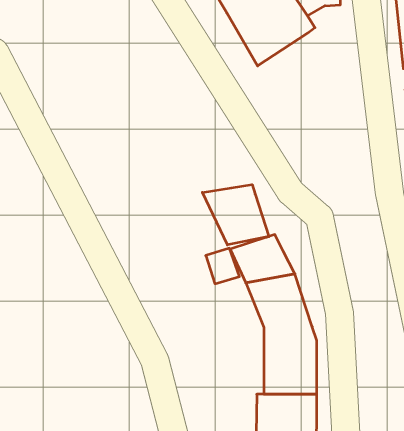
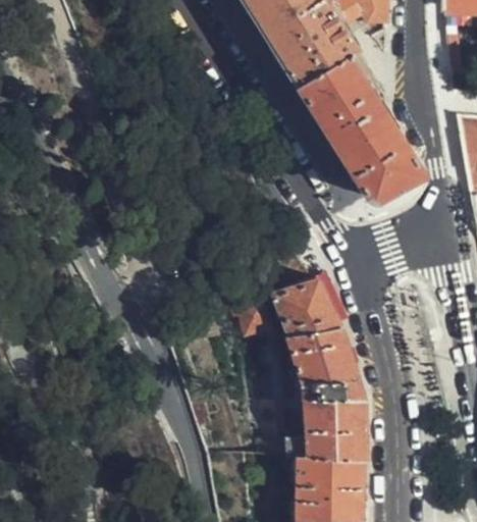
building: none -> [299,52,422,201]
building: [202,185,269,245] -> none

